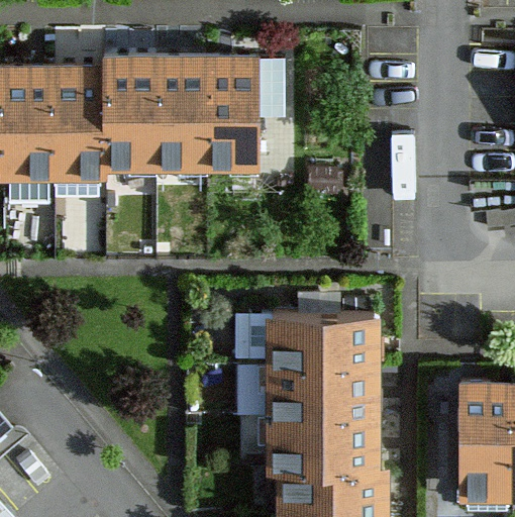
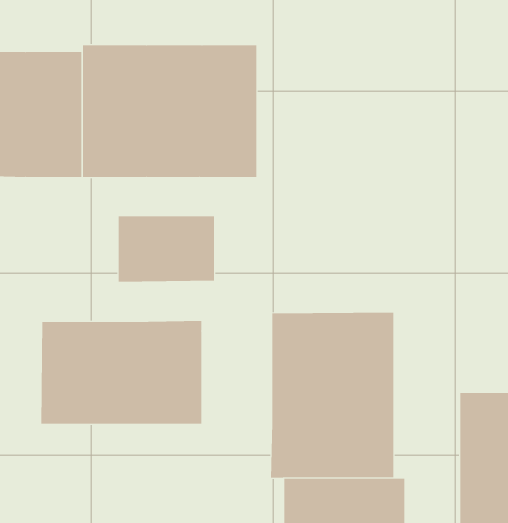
building: none -> [118,216,215,283]
building: none -> [41,320,202,424]

